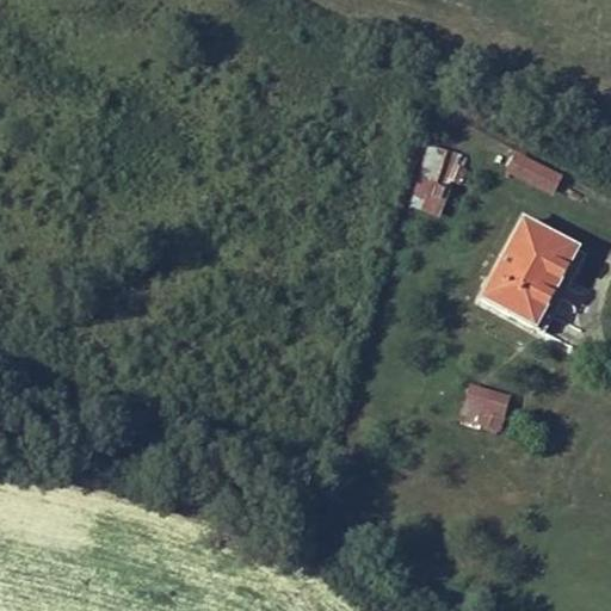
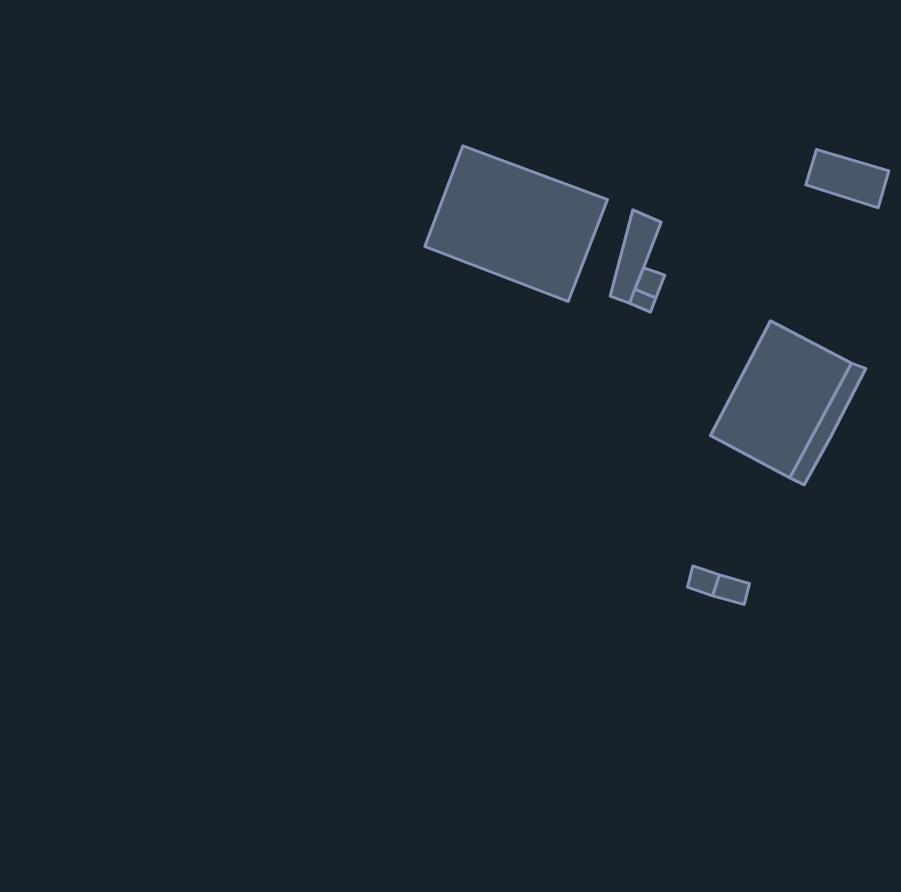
building: none -> [425,146,607,302]
building: [505,150,561,190] -> [806,150,889,208]

